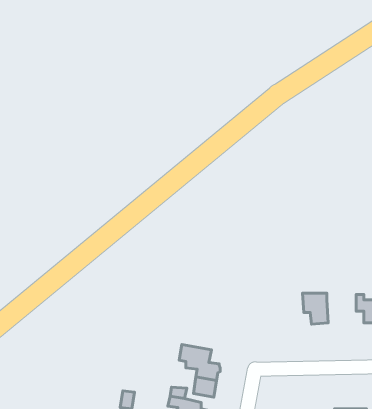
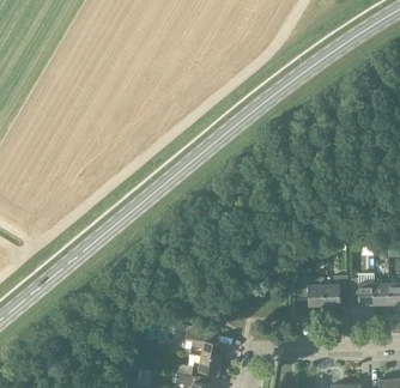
building: none -> [325,277,349,305]

